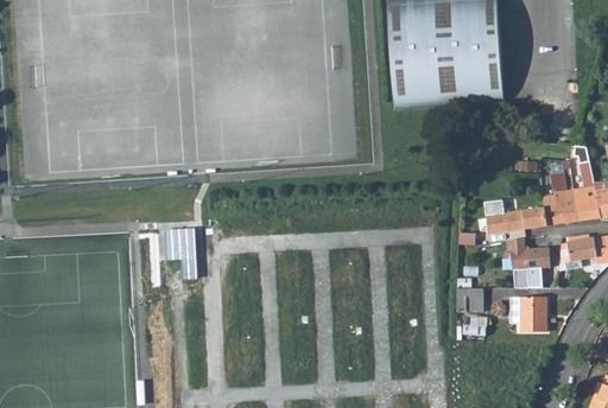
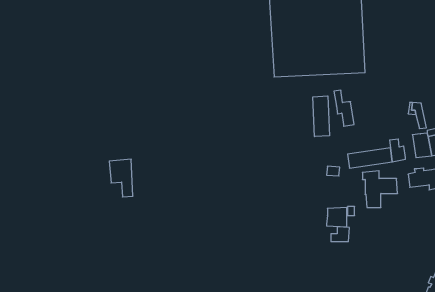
building: none -> [313,96,329,137]
building: [550,172,577,221] -> [334,90,354,126]
building: [520,294,545,330] -> none

